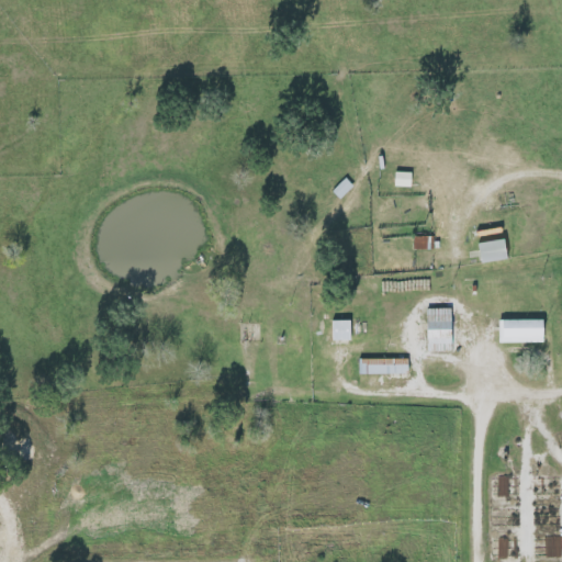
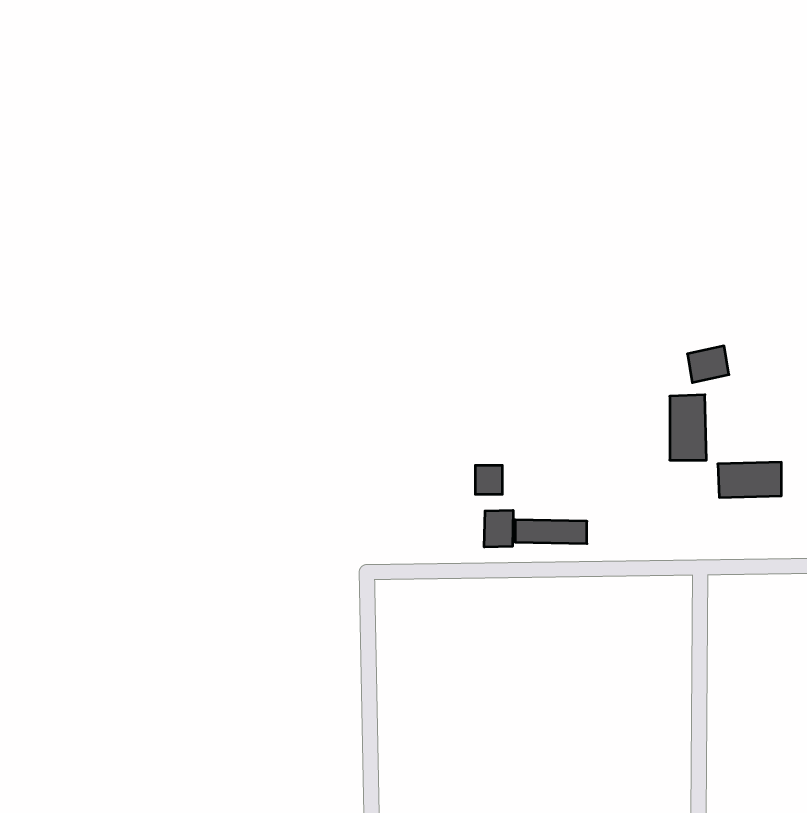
building: [428,307,453,352] -> [670,395,706,460]
building: none -> [484,510,513,547]

